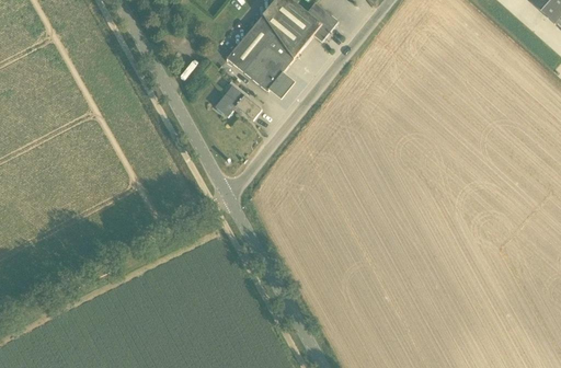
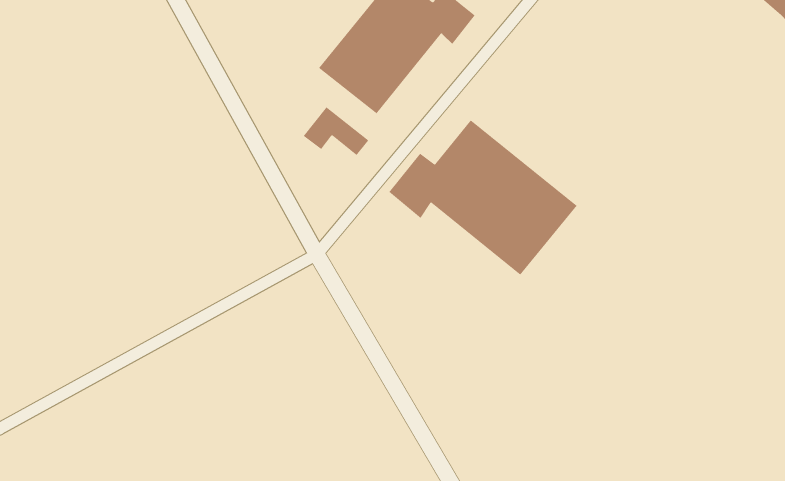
building: none -> [388,119,578,275]

